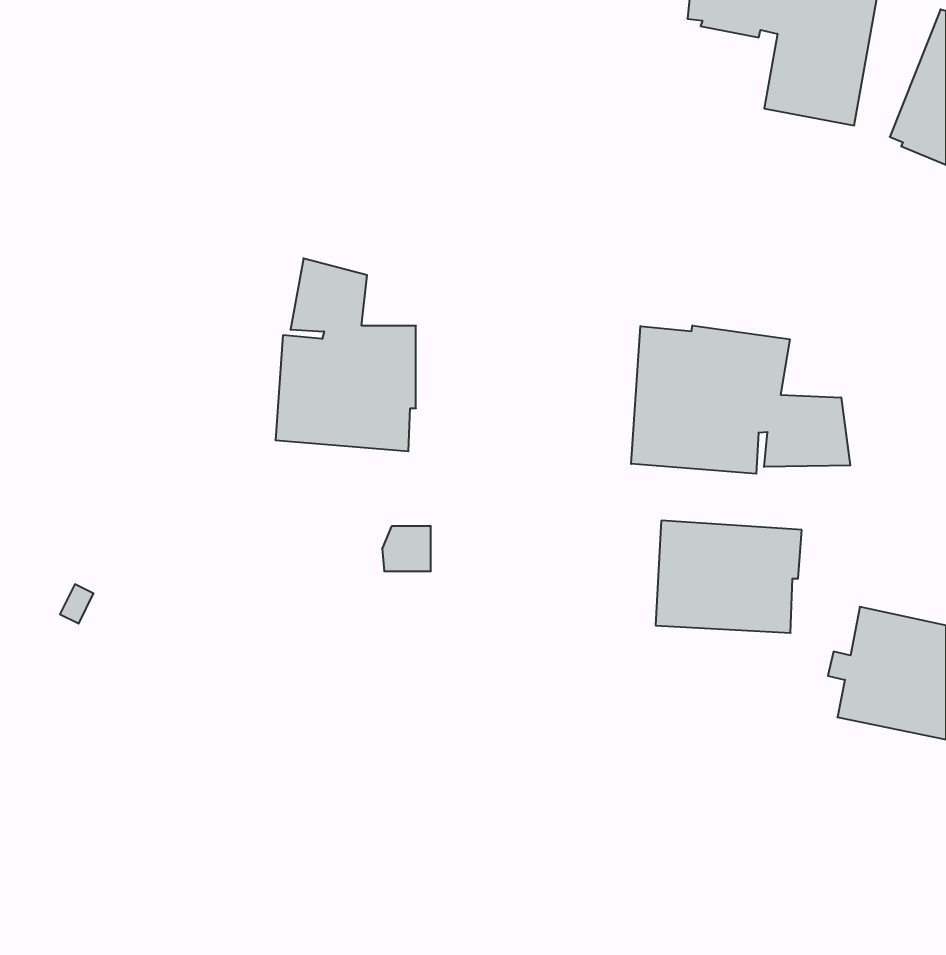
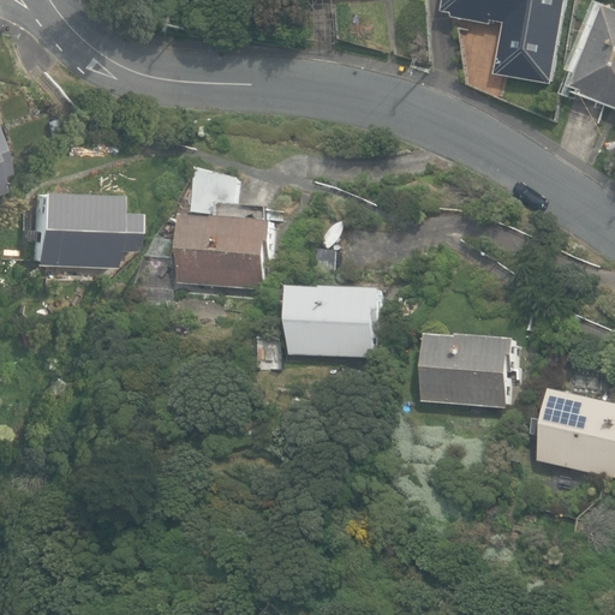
building: none -> [26,187,130,265]
building: [631,325,850,474] -> none
building: none -> [287,286,378,357]

